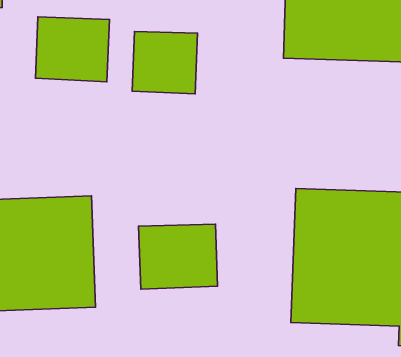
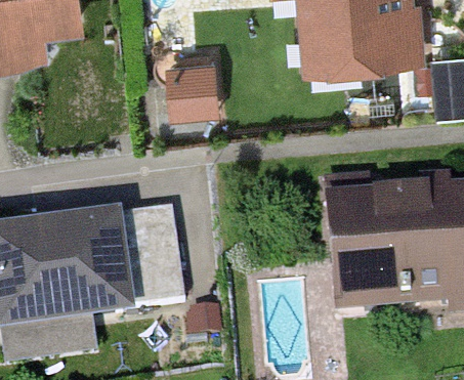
building: [35,17,109,82] -> none
building: [138,224,218,289] -> none

